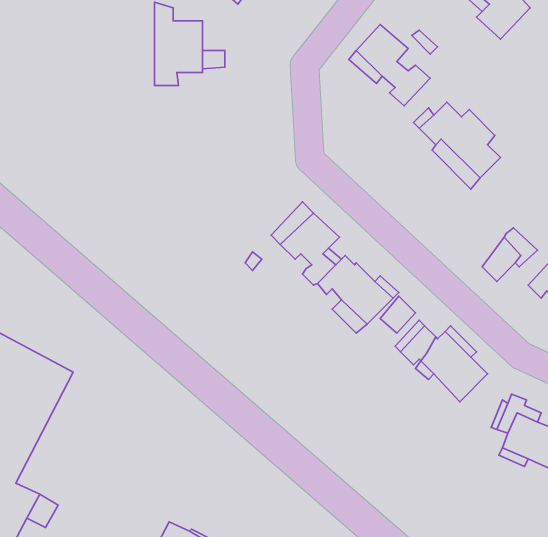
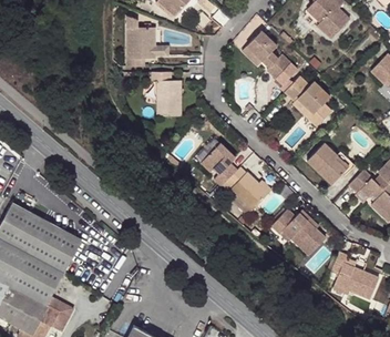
building: none -> [152,72,181,116]
building: none -> [307,142,336,174]

